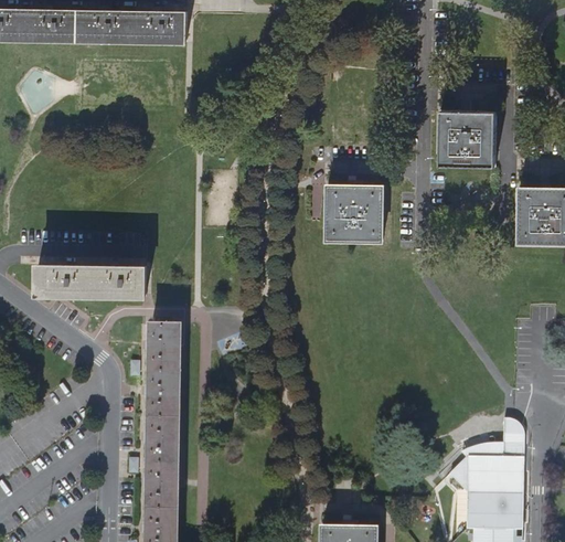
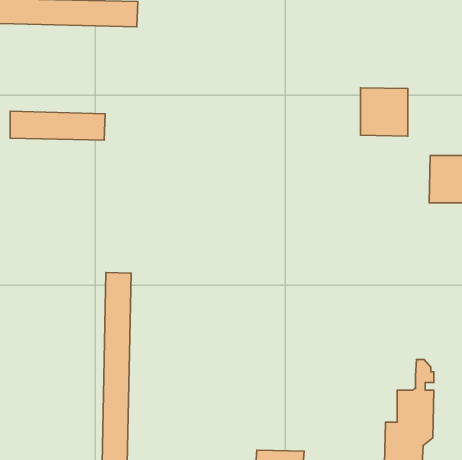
building: [327,184,382,240] -> none
building: [43,262,151,295] -> [10,111,105,140]
building: [448,440,502,493] -> none

